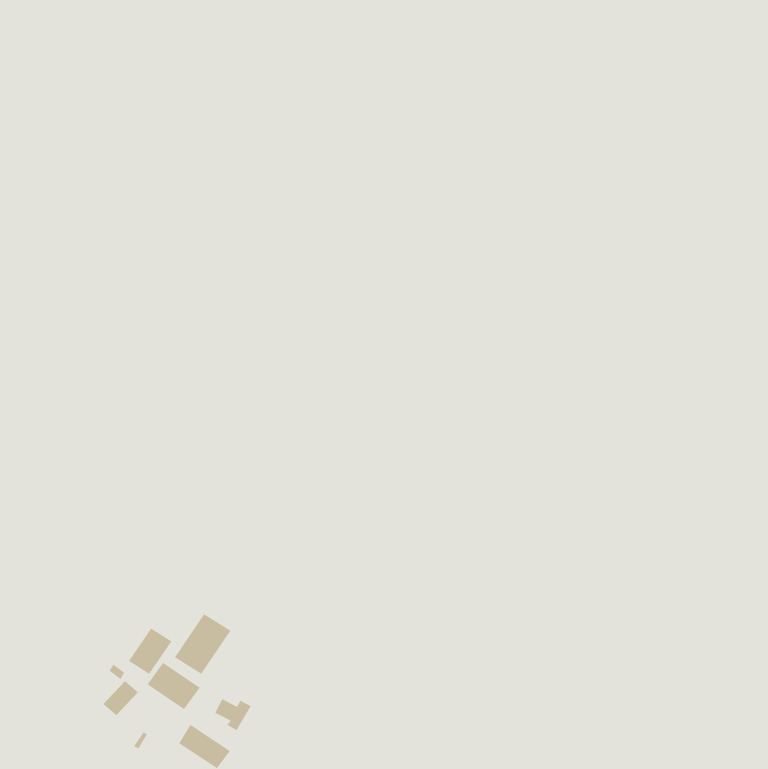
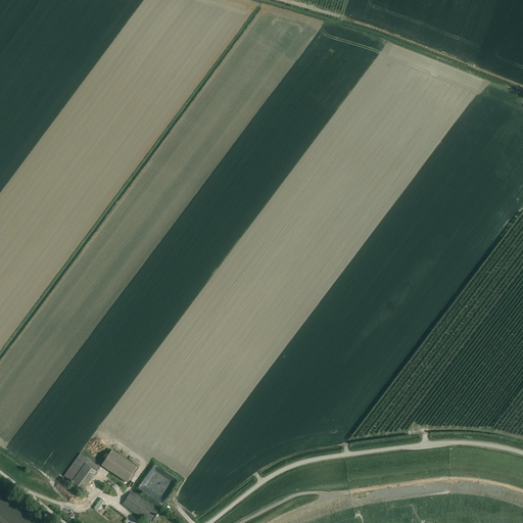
building: [174,613,232,675] -> none
building: [128,628,173,675] -> none

